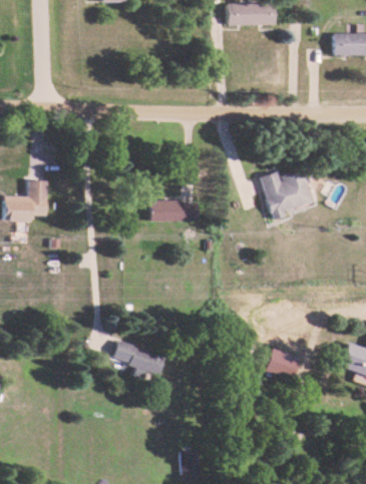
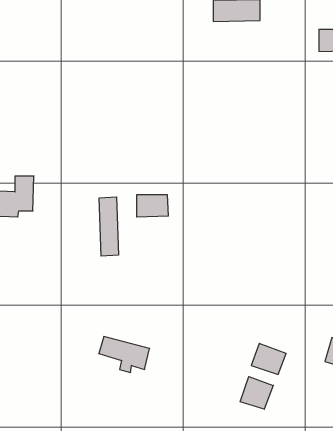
building: [260,172,312,219] -> none
building: none -> [99,197,118,256]
building: none -> [240,377,273,409]

